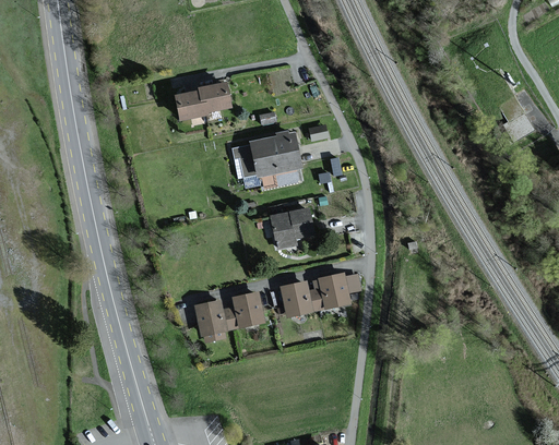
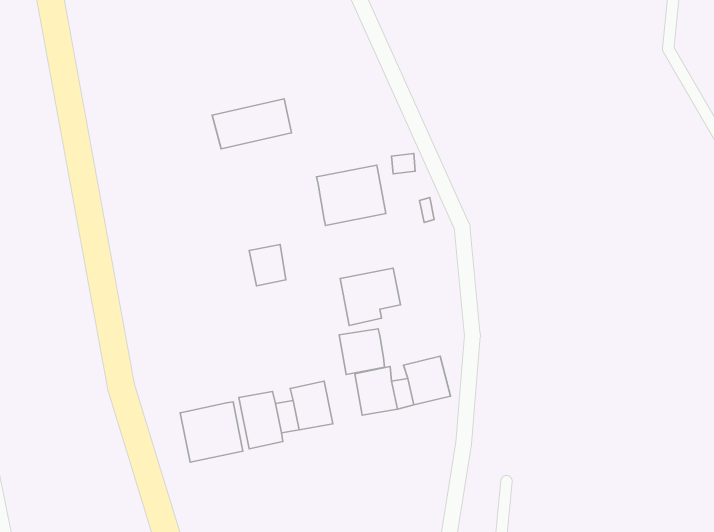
building: [230,145,258,176] -> [249,245,286,286]
building: none -> [339,329,384,374]
building: none -> [180,402,243,462]

